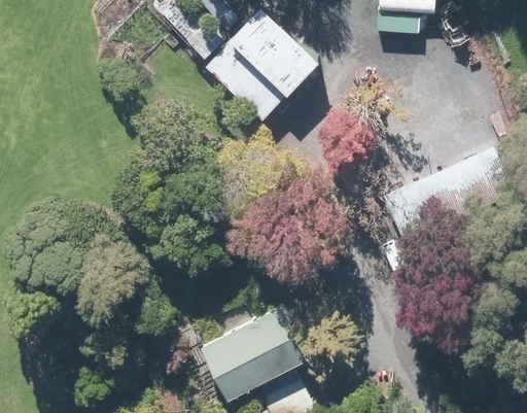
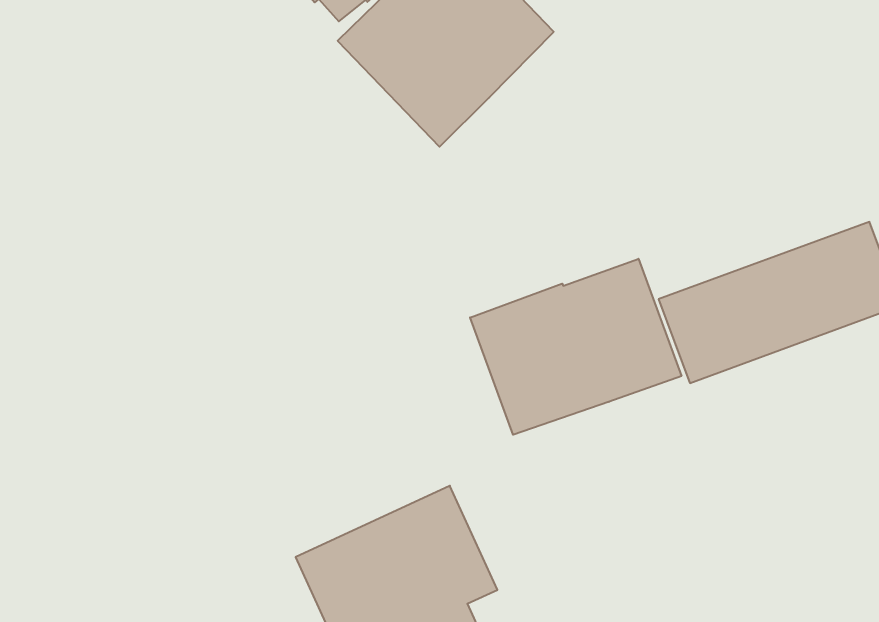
building: none -> [470,259,681,435]

